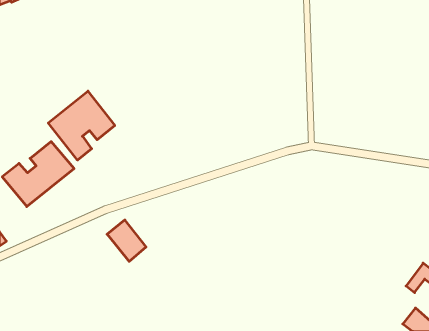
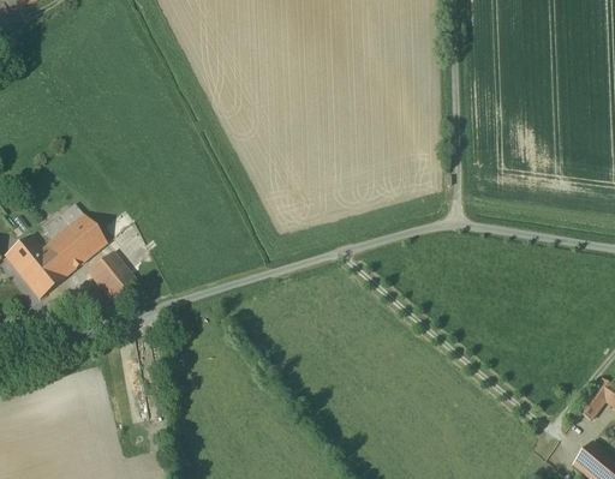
building: [48,91,115,160] -> none
building: [107,220,146,261] -> [88,251,143,310]

